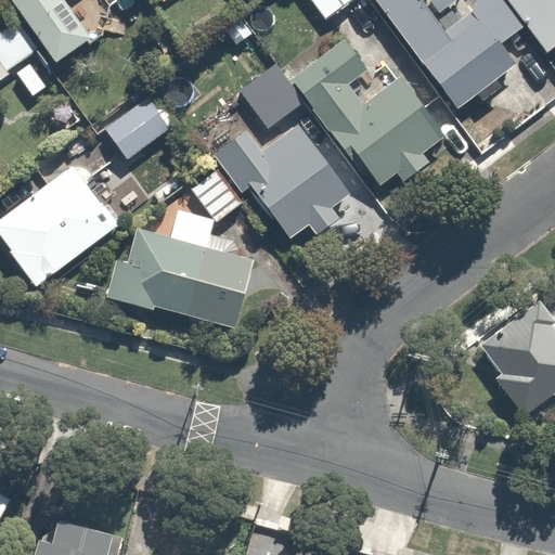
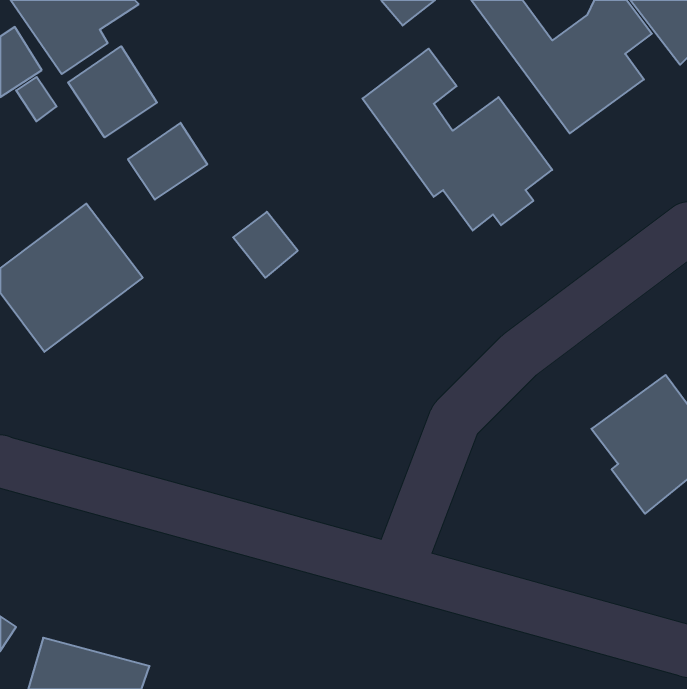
building: none -> [68,46,157,137]
building: [242,65,305,127] -> none
building: [217,125,347,241] -> none
building: [103,220,238,326] -> none

